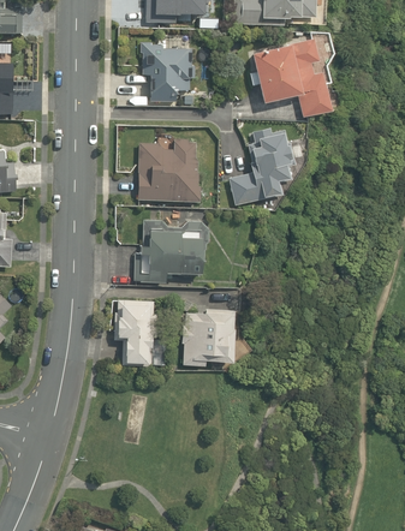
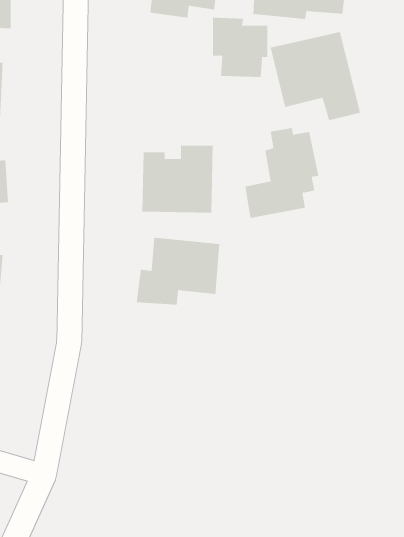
building: [141,43,191,97] -> [212,17,268,77]
building: [113,298,156,365] -> none
building: [180,305,237,366] -> none

